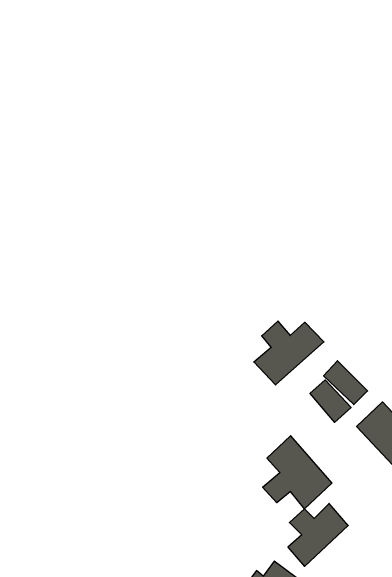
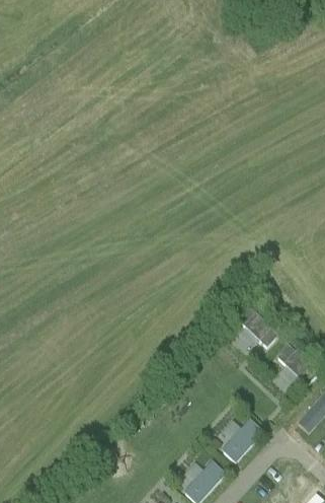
building: [254,321,324,385] -> none
building: [263,436,332,509] -> none

